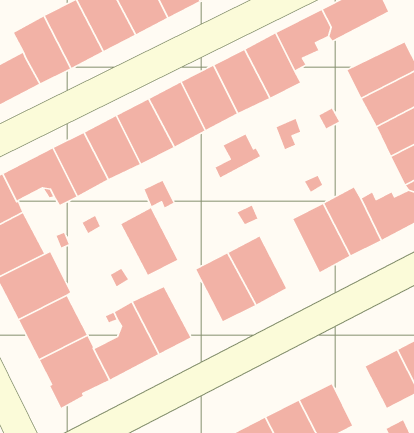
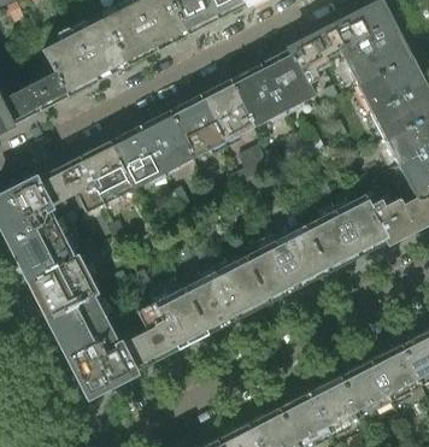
building: none -> [341,30,409,84]
building: [120,207,178,276] -> [184,270,239,334]
building: none -> [274,223,329,288]
building: none -> [341,360,392,416]

